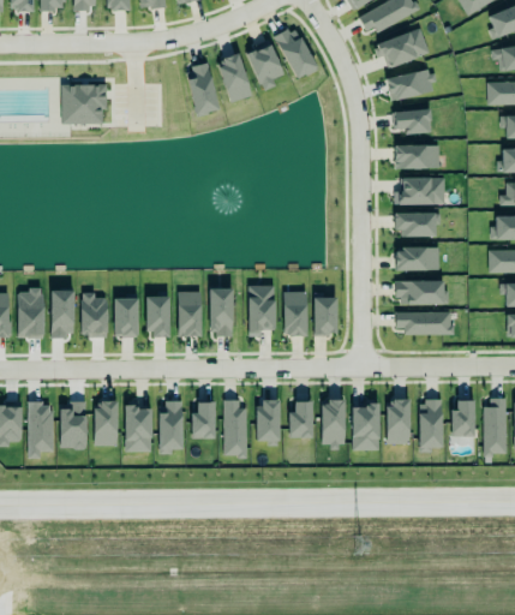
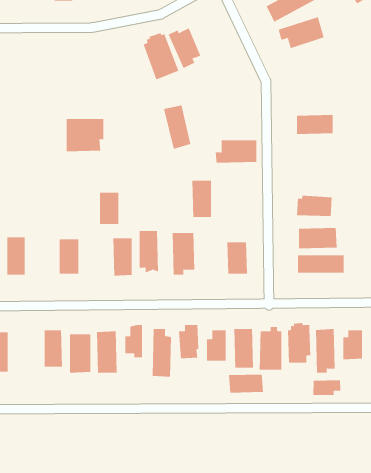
building: [276,28,318,80] -> none
building: [186,64,220,117] -> [163,105,191,149]
building: [387,70,437,101] -> none
building: [62,85,108,125] -> [66,119,104,152]
building: [394,111,432,135] -> none
building: [395,178,445,205] -> [215,140,257,163]
building: [395,213,437,235] -> none
building: [283,292,307,336] -> [192,180,212,218]
building: [82,293,108,338] -> none
building: [146,297,170,335] -> [99,192,119,225]
building: [62,402,89,448] -> none
building: none -> [229,374,263,393]
building: none -> [313,379,341,396]

